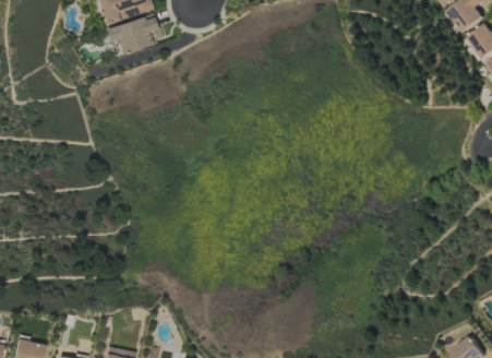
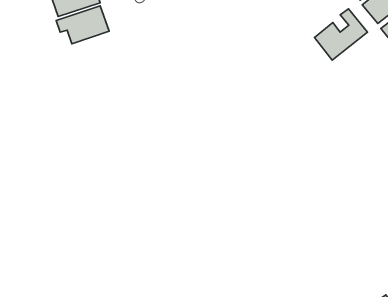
building: none -> [315,9,367,60]

